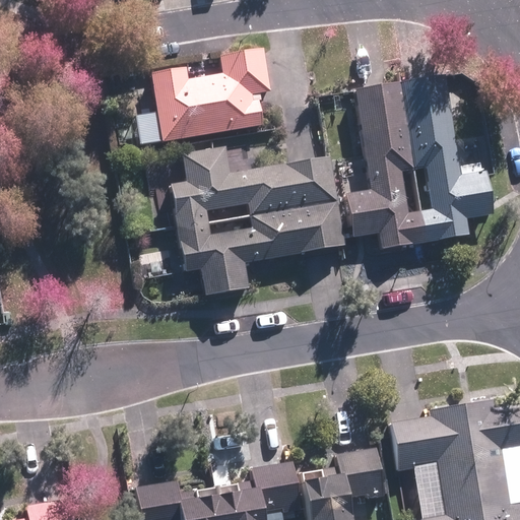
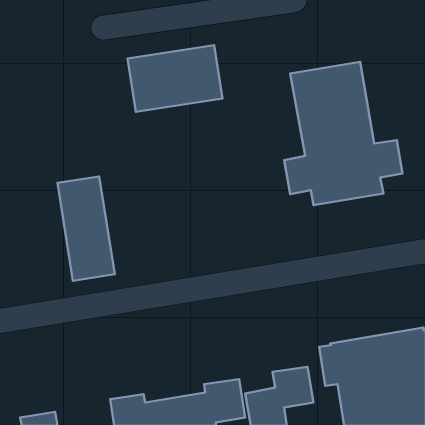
building: [172,149,344,295] -> none
building: none -> [58,176,115,281]

